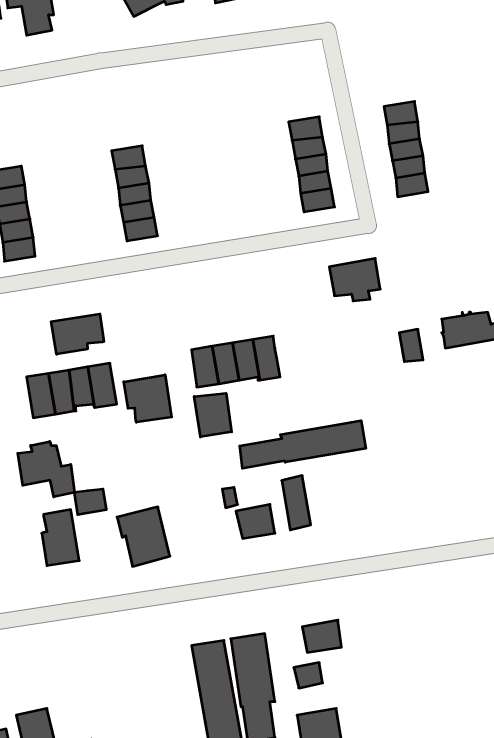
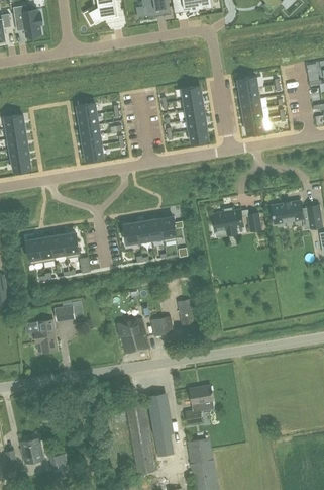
building: [329,258,380,301] -> [212,209,242,234]
building: [51,314,104,354] -> none
building: [124,375,172,422] -> none
building: [194,393,232,437] -> none
building: [240,421,366,468] -> none
building: [18,441,74,497] -> none
building: [117,507,170,566] -> [116,318,147,354]

